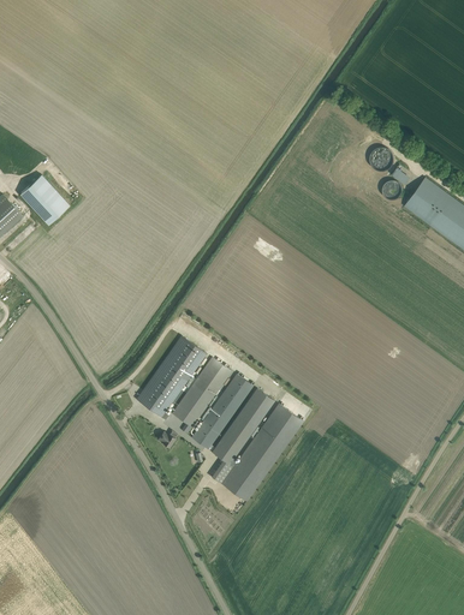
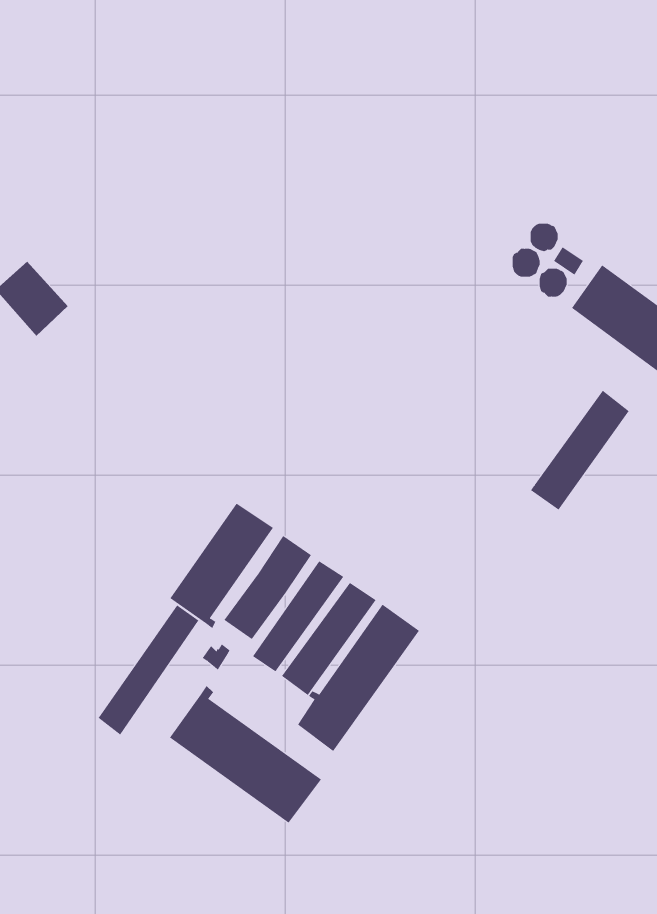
building: none -> [530,390,630,511]
building: none -> [98,605,199,736]
building: none -> [169,685,322,824]

